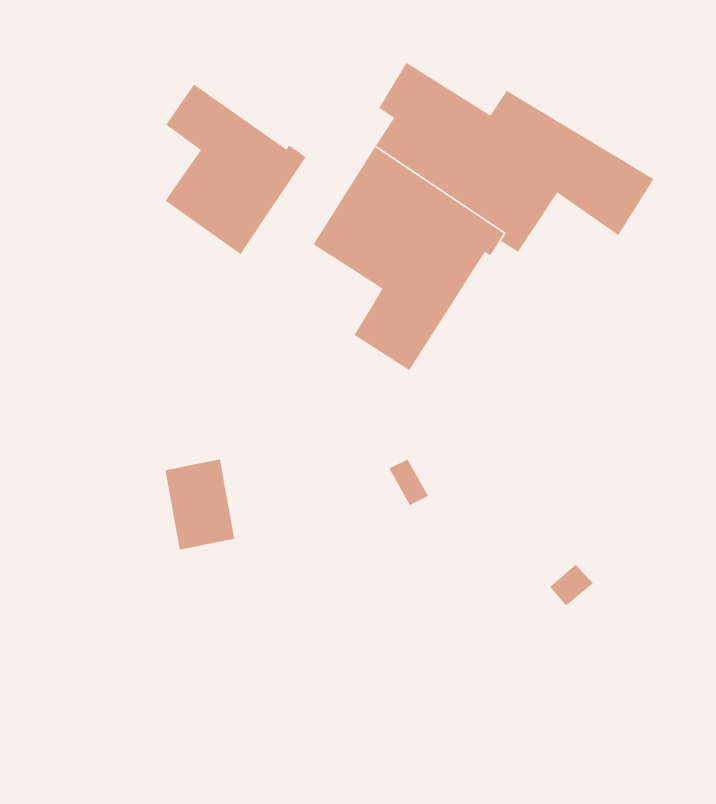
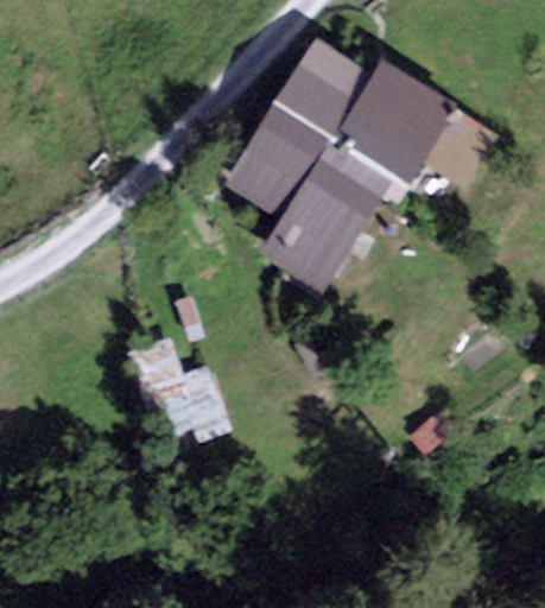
building: [164,84,307,255] -> none

